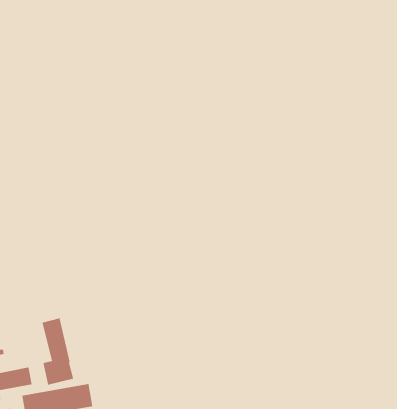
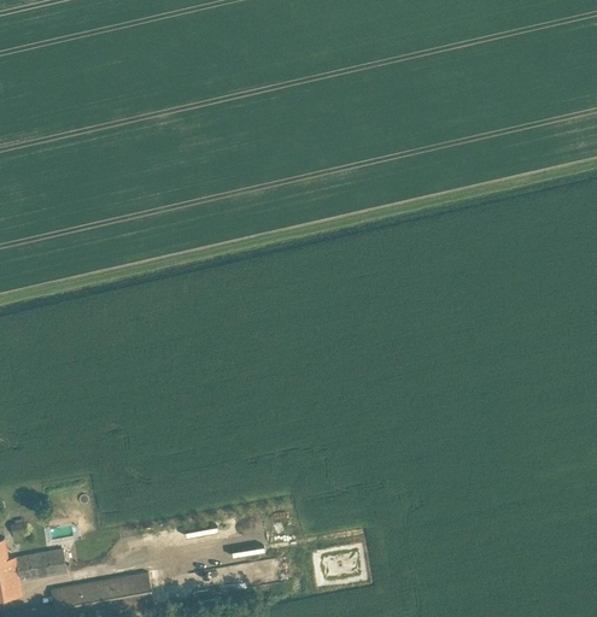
building: [42,318,74,385] -> none

